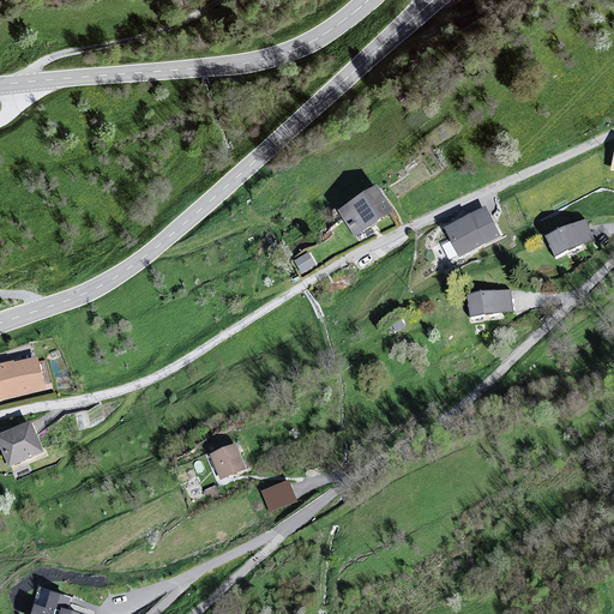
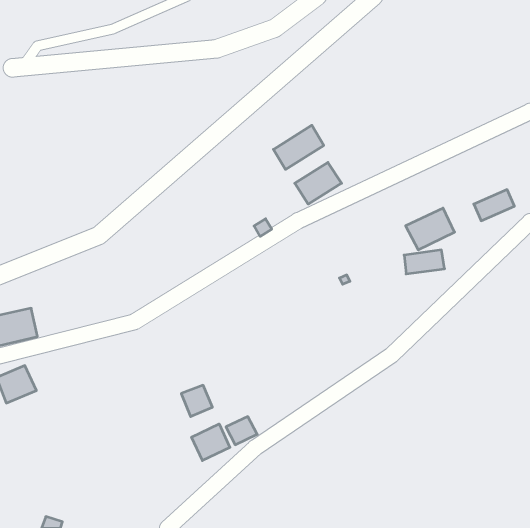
building: none -> [273,125,324,169]
building: [444,206,500,254] -> [406,208,455,250]
building: none -> [192,424,230,461]

